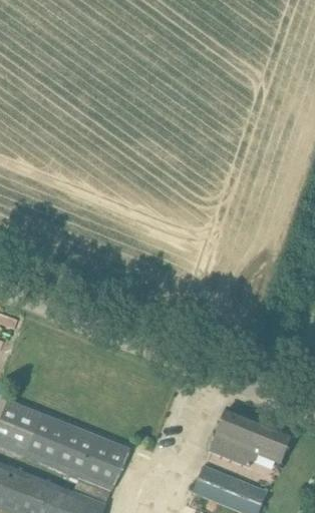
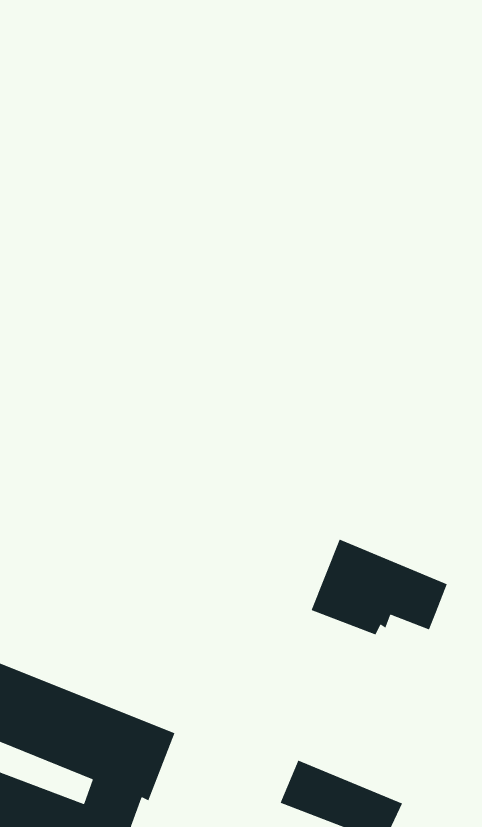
building: [210,408,292,466] -> [311,538,448,636]

